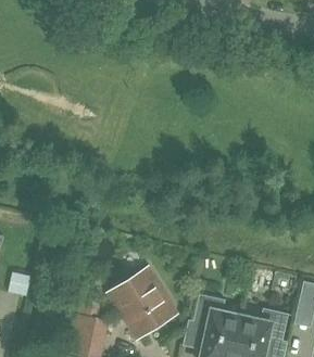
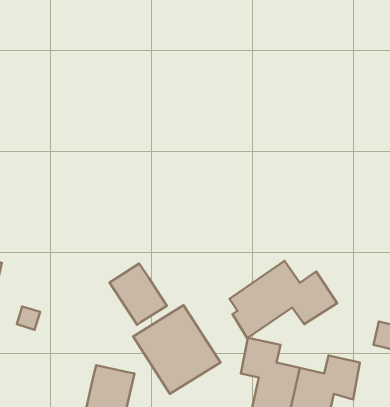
building: none -> [229,261,337,338]
building: none -> [109,264,167,325]

